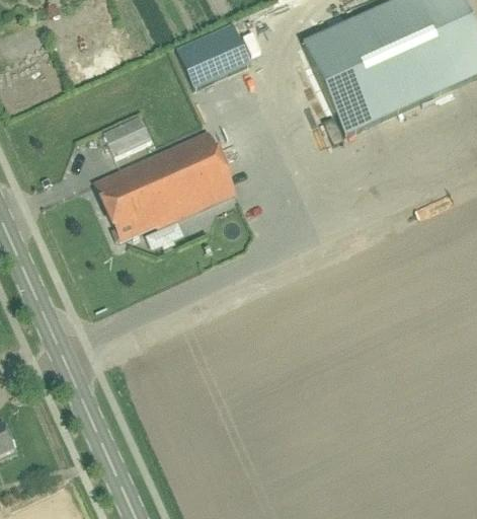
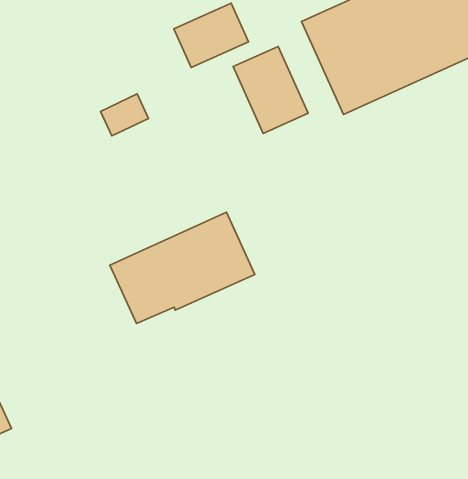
building: none -> [233,46,308,133]
building: [94,130,238,240] -> [110,212,255,323]

